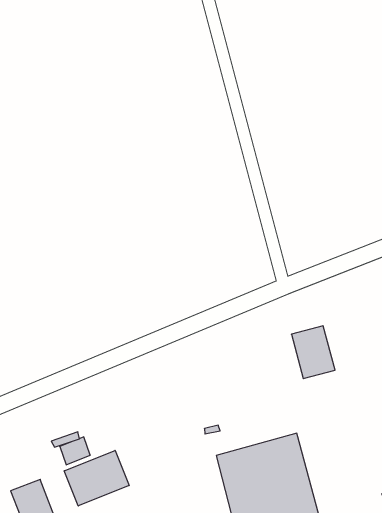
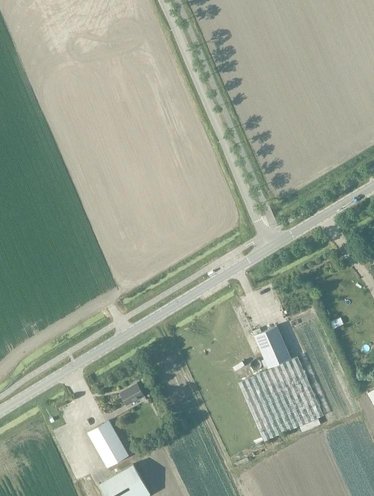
building: [291,326,335,379] -> [254,326,291,368]
building: [64,450,129,506] -> none

